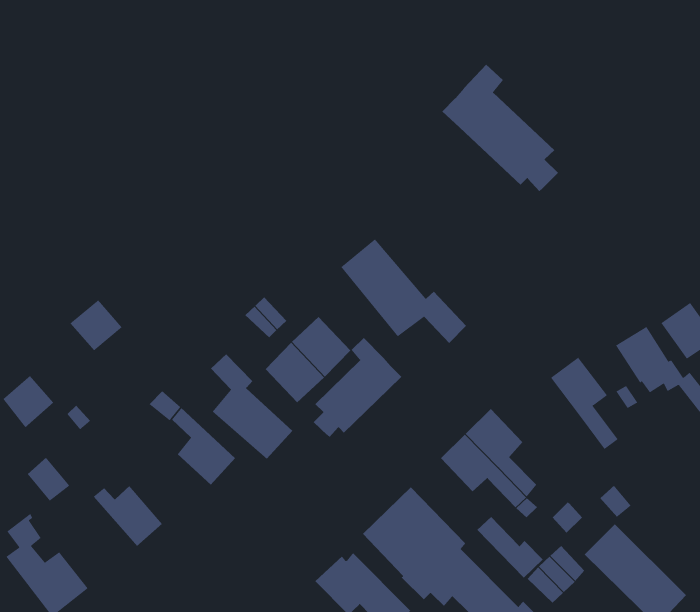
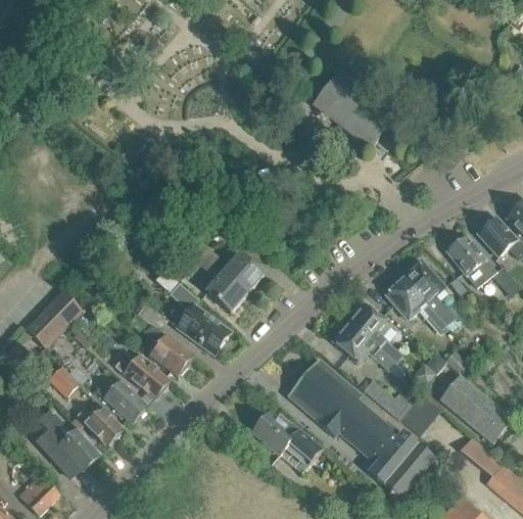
building: [341,238,467,344] -> none
building: [70,300,123,351] -> [45,292,82,328]
building: [313,337,402,438] -> none
building: none -> [386,279,447,335]
building: none -> [113,357,169,398]
building: none -> [77,407,124,445]

